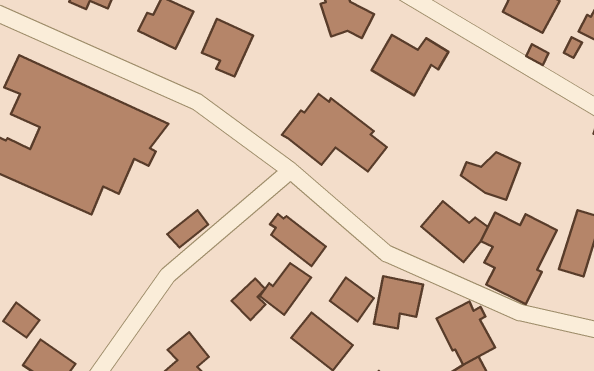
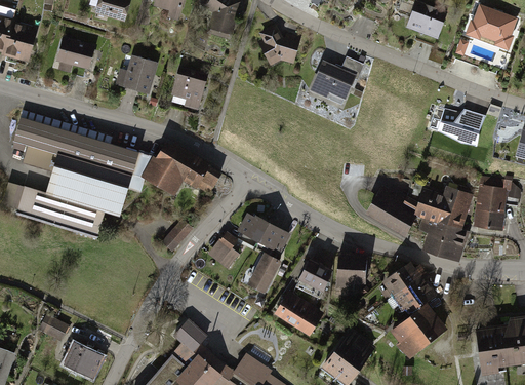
building: [282,94,387,172] -> [137,140,223,196]
building: [461,152,520,200] -> [440,110,486,147]
building: [231,278,266,320] -> [210,234,238,268]

